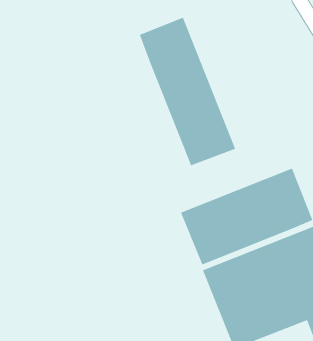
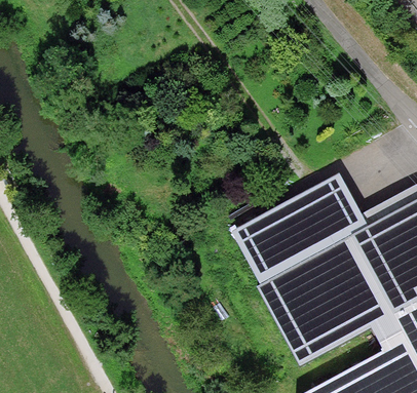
building: [139,17,236,166] -> none

